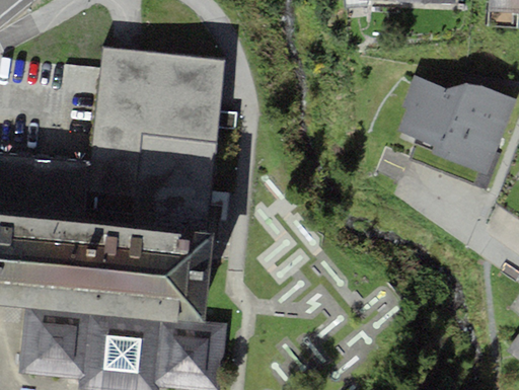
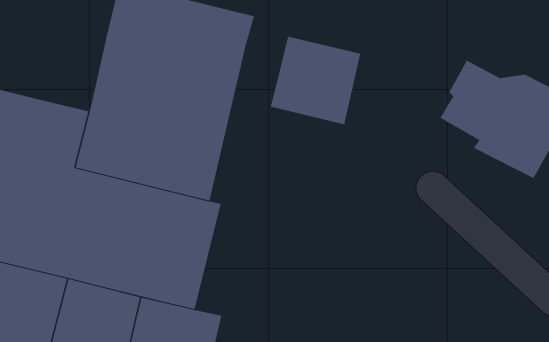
building: none -> [270,36,361,125]

